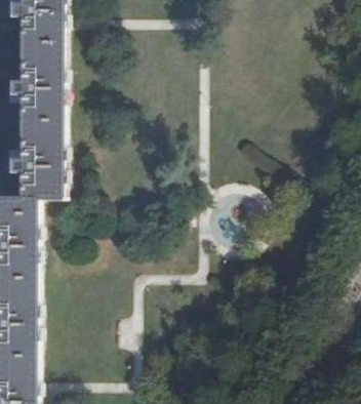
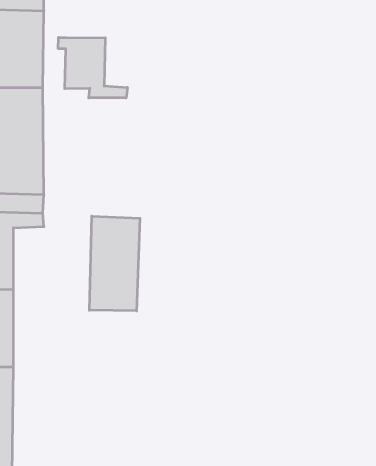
building: none -> [58,37,127,98]
building: none -> [89,216,140,311]

